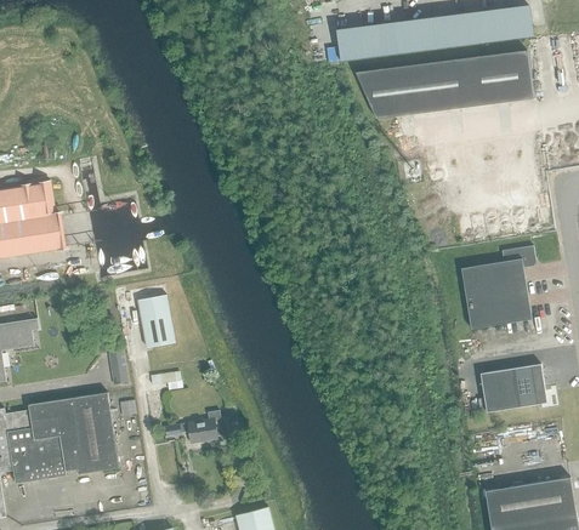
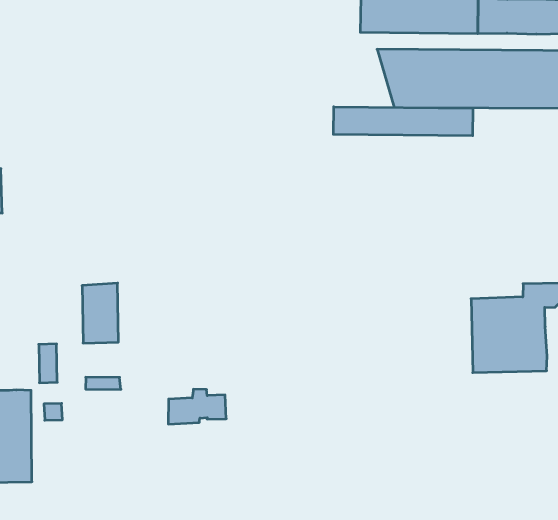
building: none -> [333,107,473,136]
building: [479,363,546,411] -> none
building: [187,410,237,443] -> [168,389,226,424]

